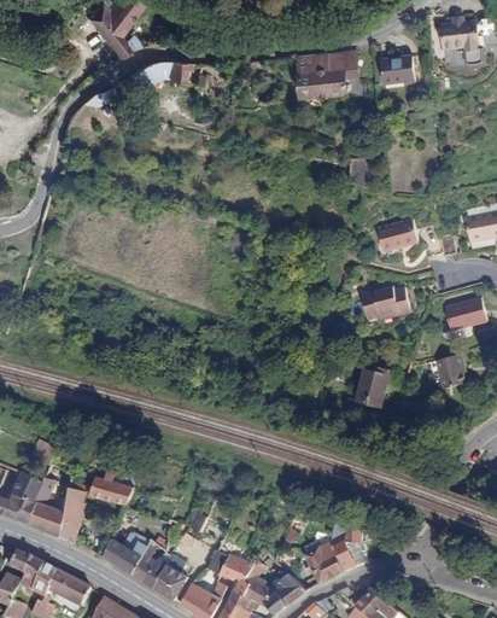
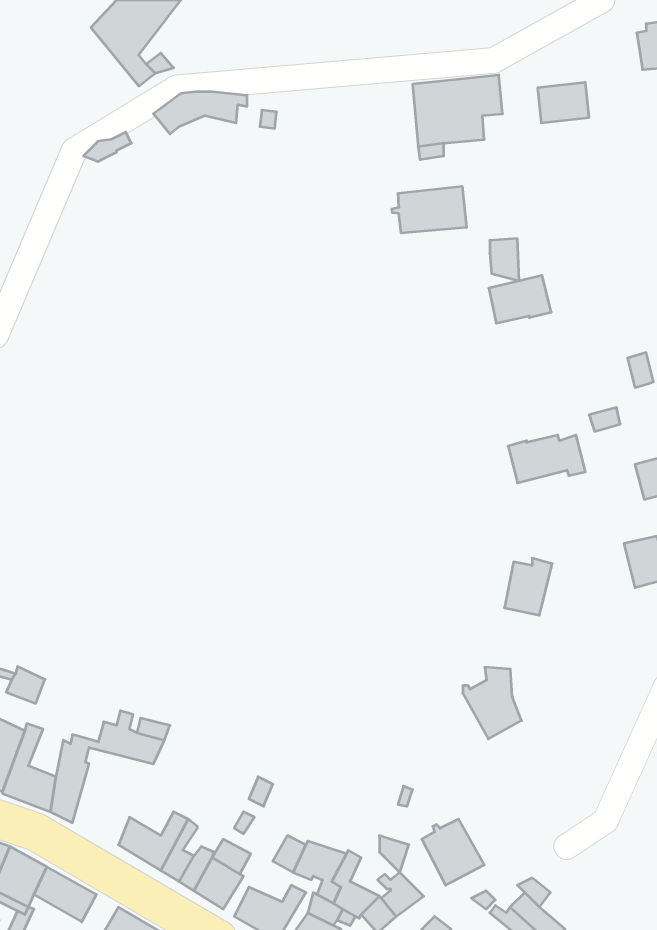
building: none -> [392,186,466,233]
building: [376,217,417,249] -> [489,275,551,323]
building: [327,523,366,570] -> [463,667,522,739]

